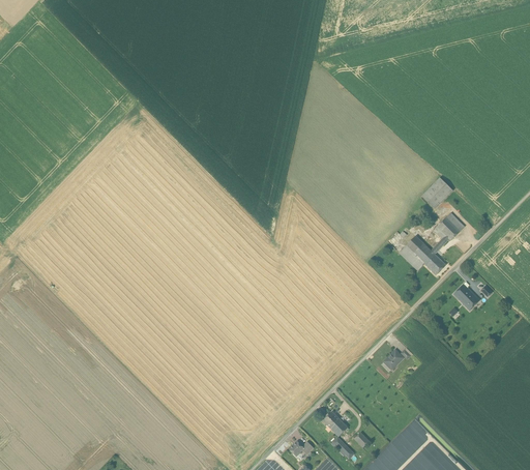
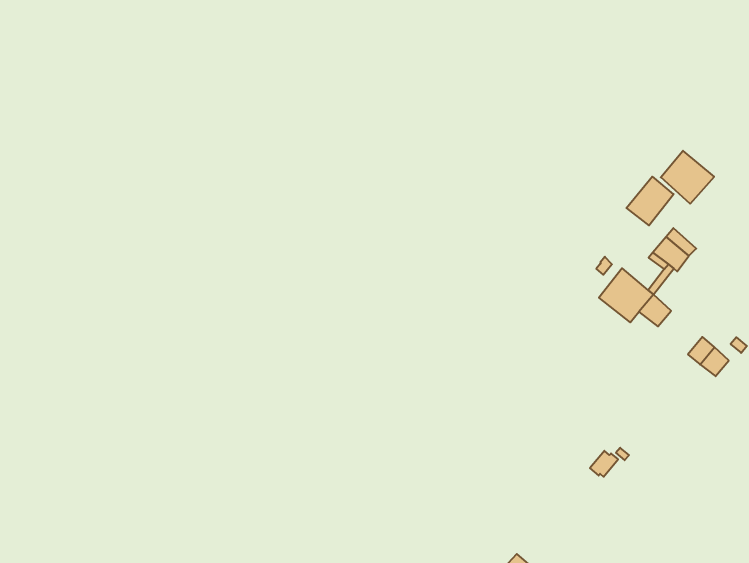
building: none -> [661,151,714,204]

